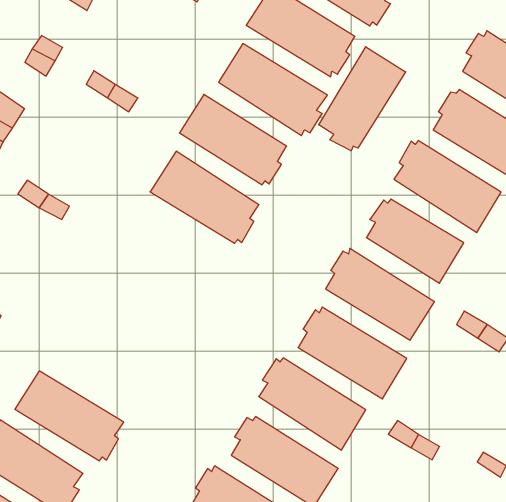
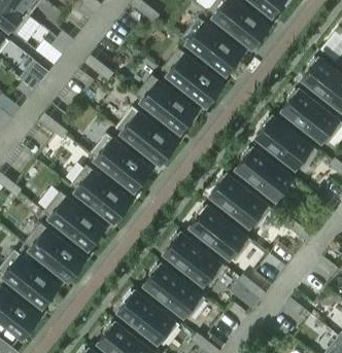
building: [319,47,406,151] -> none
building: none -> [89,134,150,190]
building: none -> [69,166,130,222]
building: none -> [42,192,104,248]

